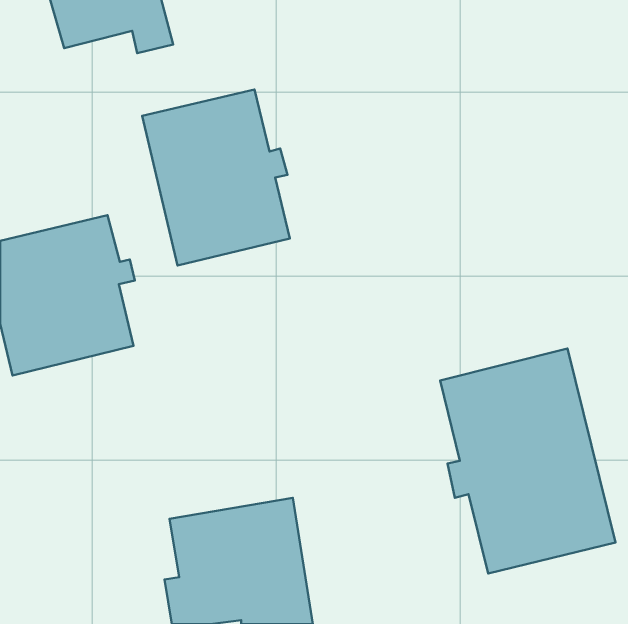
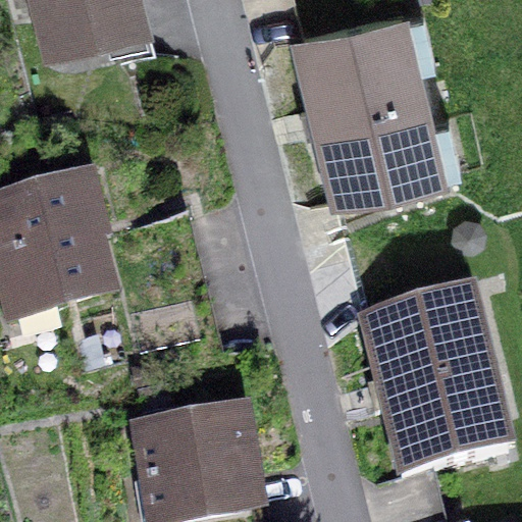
building: none -> [300,11,441,195]
building: [142,90,290,265] -> none

